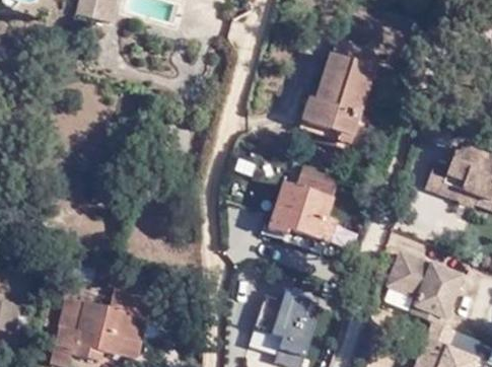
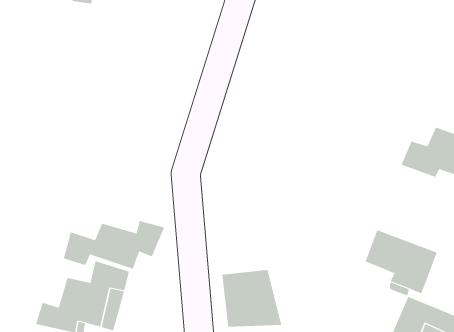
building: [310,38,381,150] -> none
building: [265,168,341,251] -> none
building: none -> [63,220,165,269]

